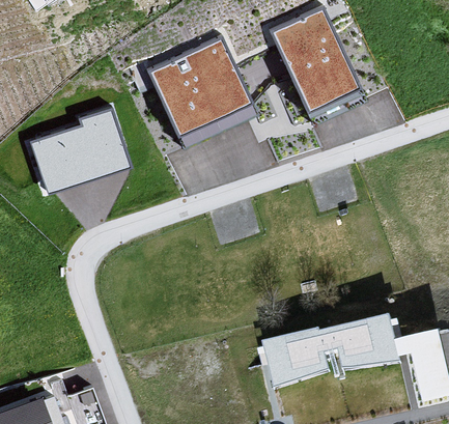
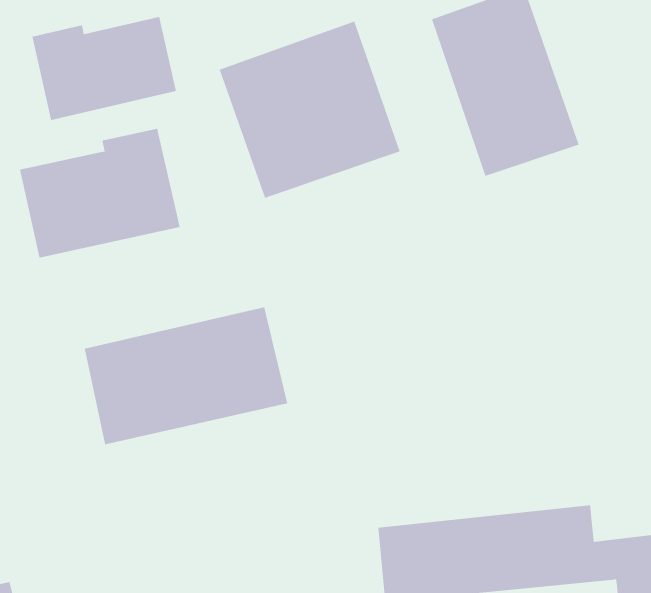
building: none -> [32,16,177,121]
building: none -> [84,307,288,445]

